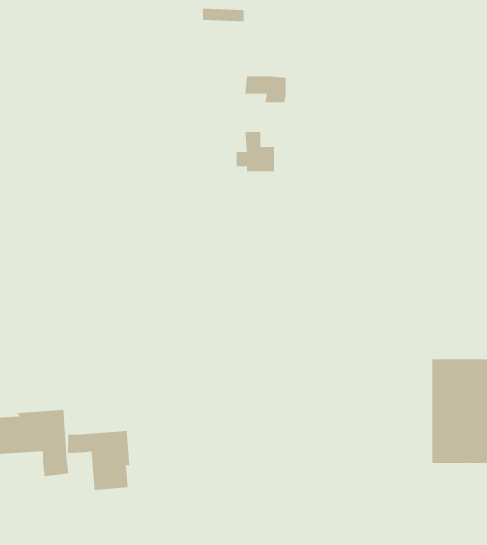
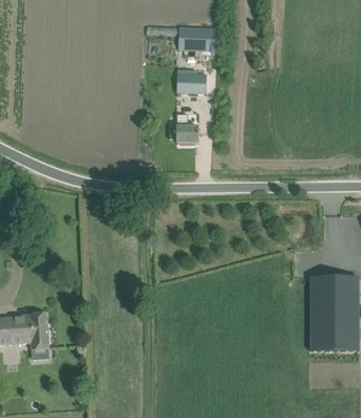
building: none -> [181,27,211,51]
building: [68,430,130,491] -> none

